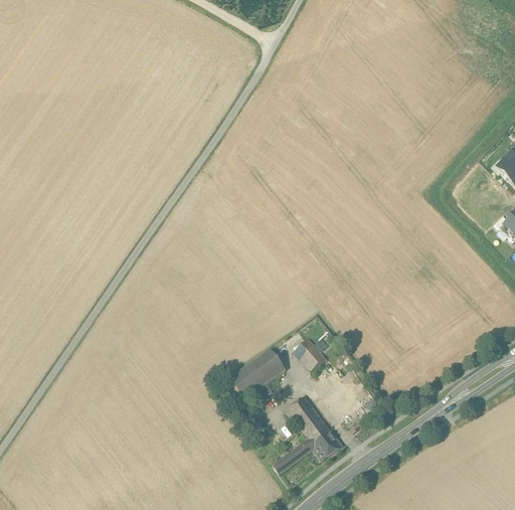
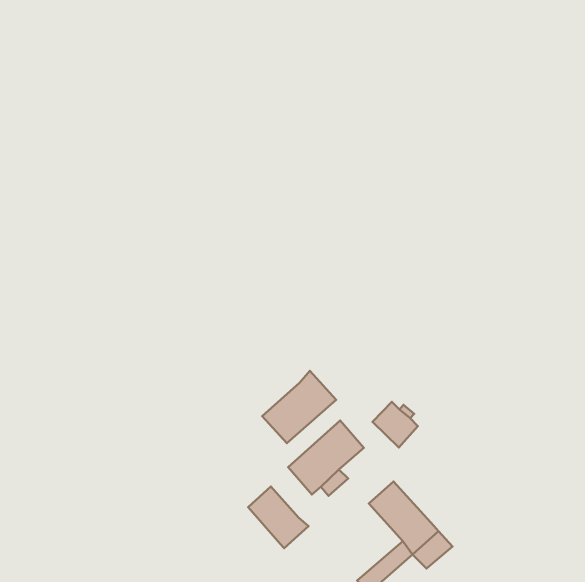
building: none -> [262,371,336,443]
building: none -> [248,487,308,548]

